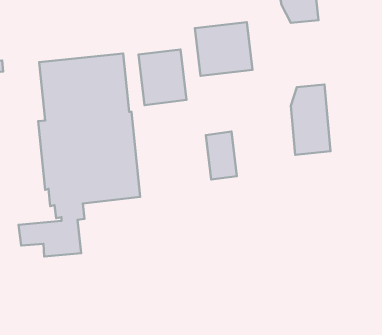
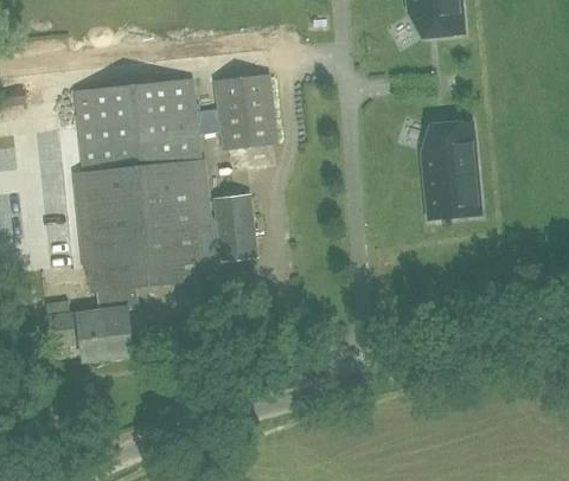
building: [195,22,253,76] -> none
building: [206,132,237,180] -> [213,193,256,259]

